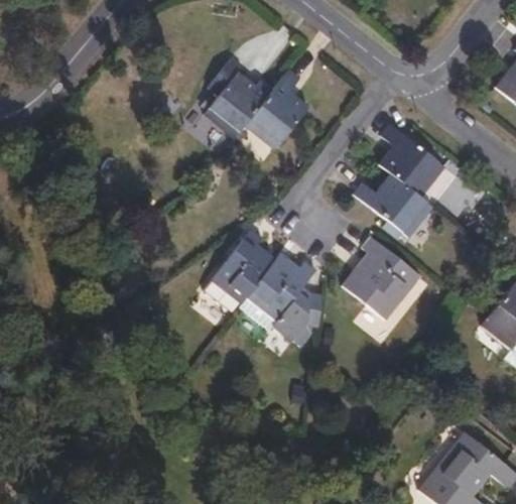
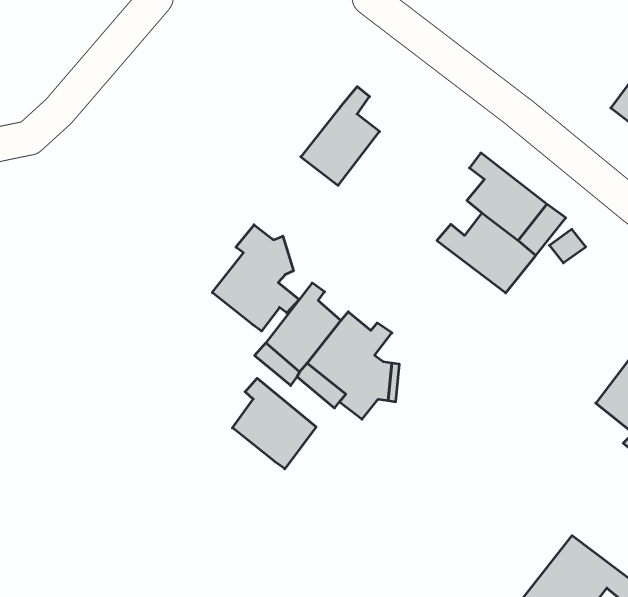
building: [205,56,275,138] -> none
building: none -> [212,225,299,331]
building: [342,237,421,321] -> none
building: none -> [232,378,316,469]

